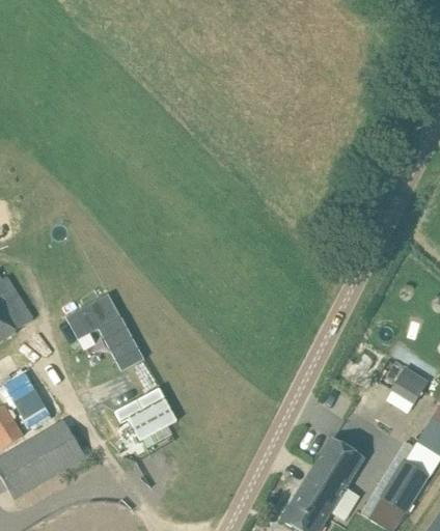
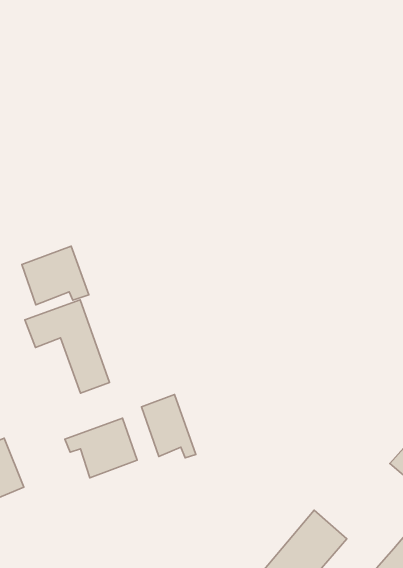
building: none -> [22,246,89,305]
building: none -> [141,395,196,458]

